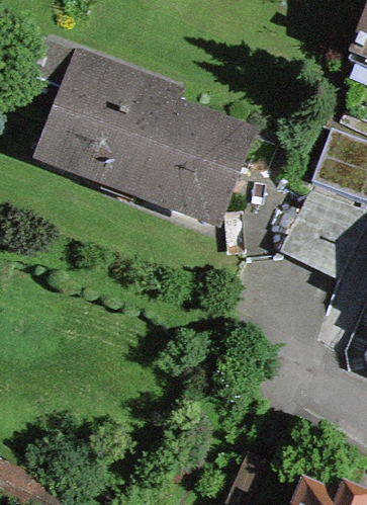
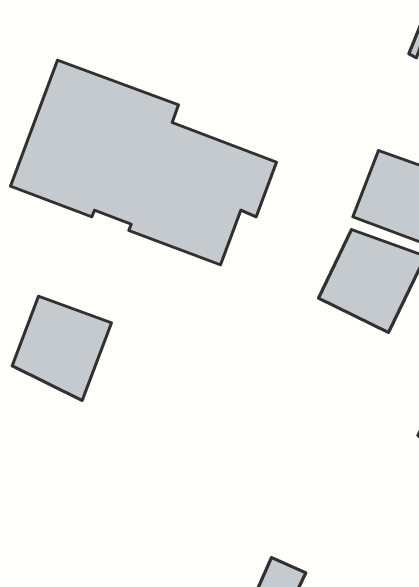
building: none -> [12,296,111,401]

